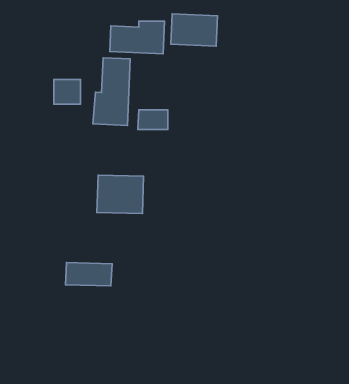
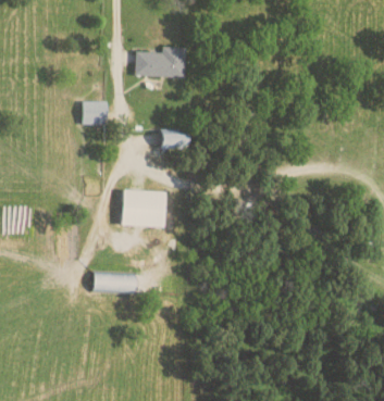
building: [171,14,217,46] -> none
building: [93,58,130,126] -> none

